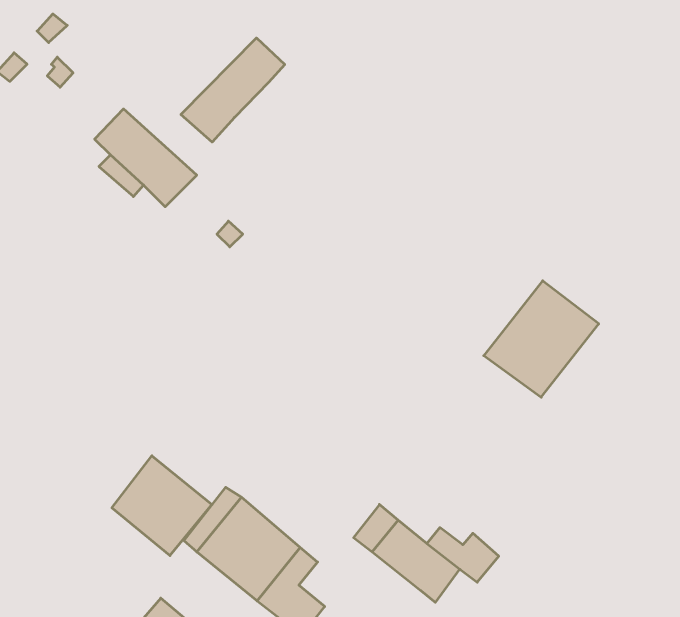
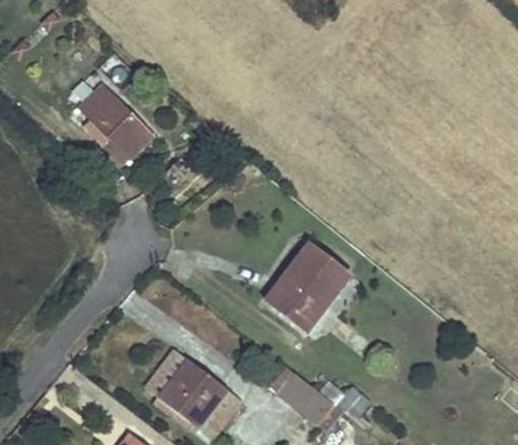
building: [181,38,285,142] -> none
building: [484,281,599,397] -> [265,250,347,333]
building: [112,456,212,556] -> none

